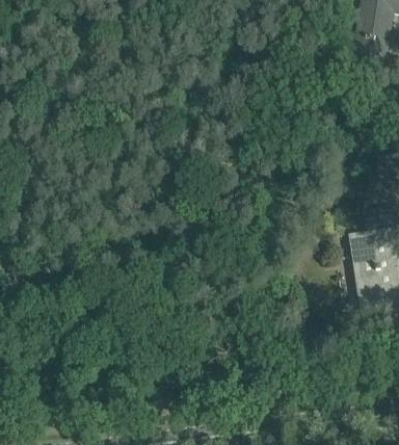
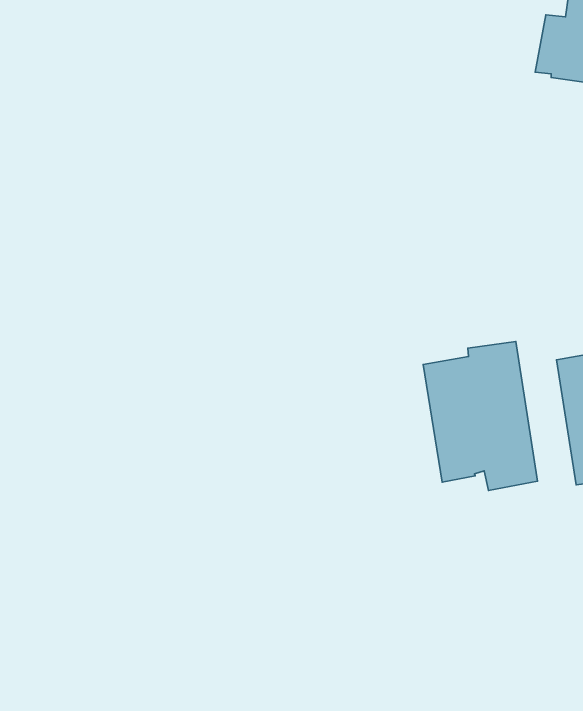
building: none -> [423,342,538,490]

